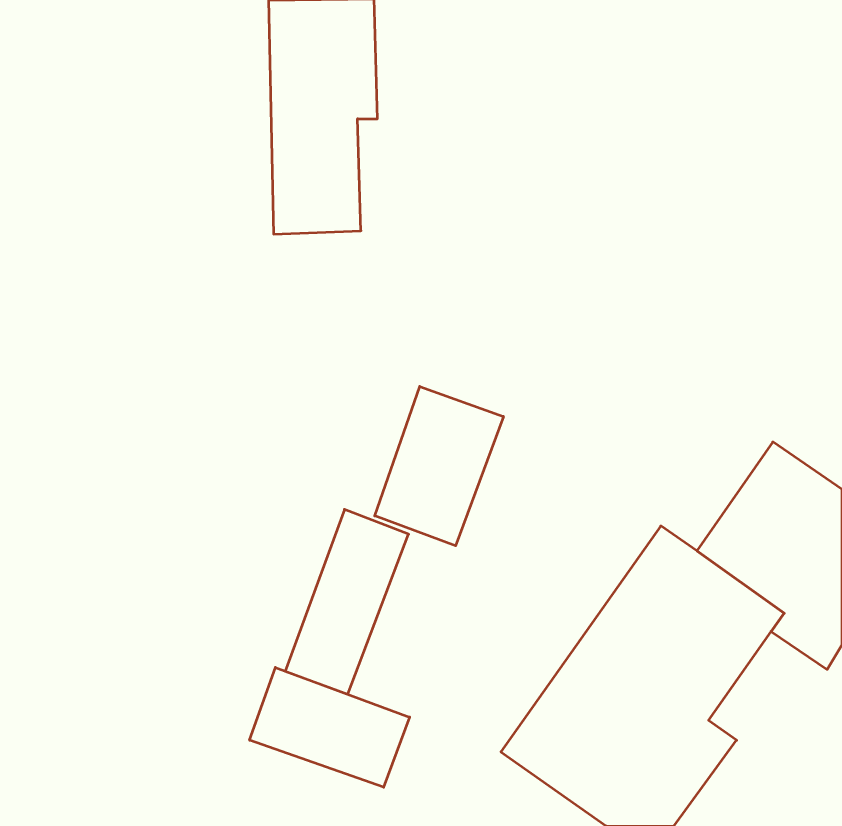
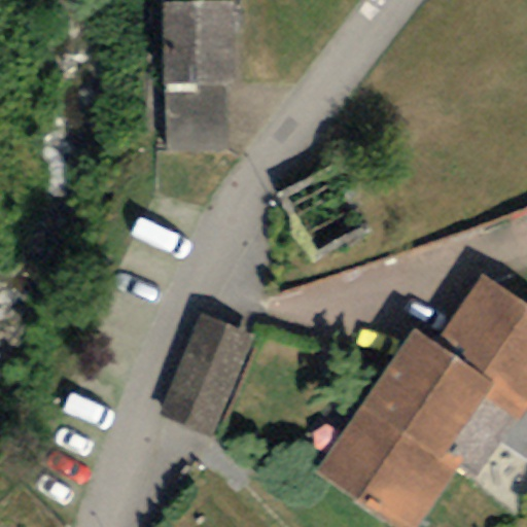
building: [375,386,503,546] -> none
building: [250,667,410,787] -> none

